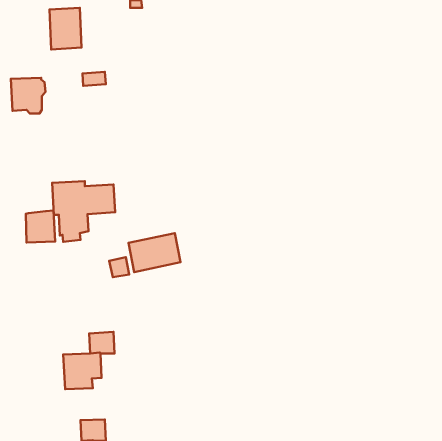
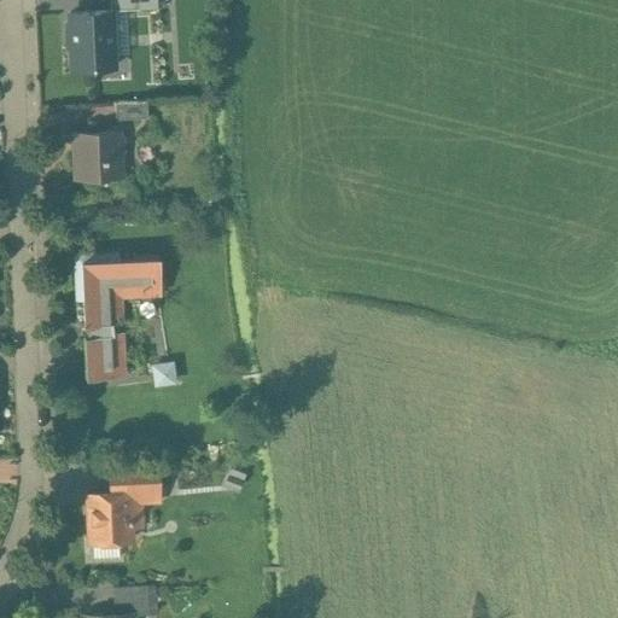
building: [11,78,45,113] -> [76,134,124,183]
building: [26,210,55,242] -> [86,336,127,380]
building: [128,233,181,272] -> none

